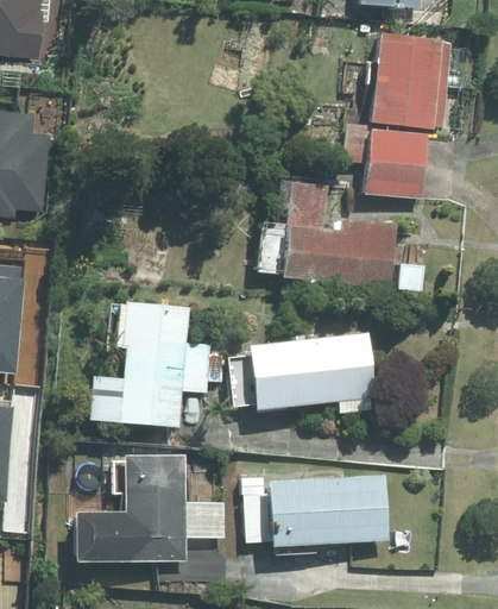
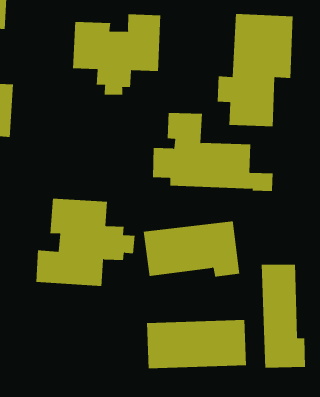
building: none -> [73,13,161,96]
building: none -> [261,264,305,369]
building: [65,453,228,560] -> none

